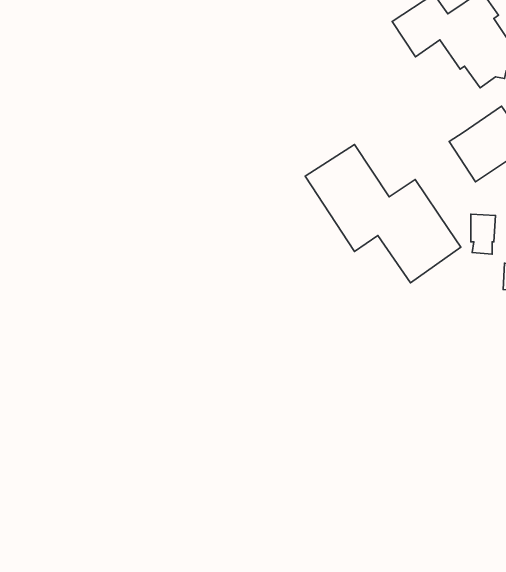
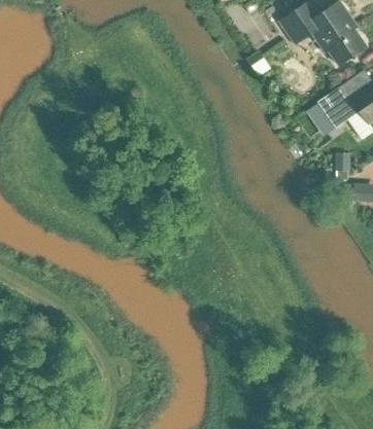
building: [305,144,461,283] -> none

